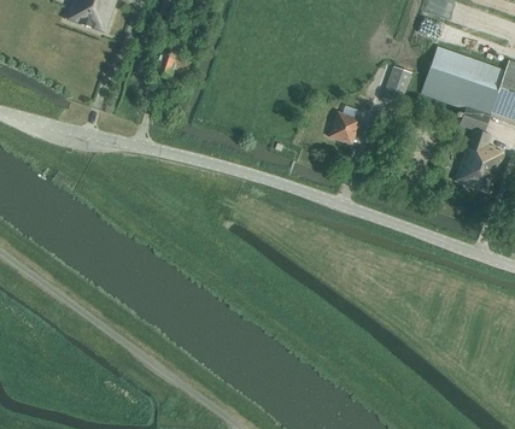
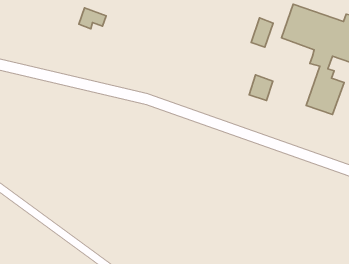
building: [329,110,361,143] -> [249,75,273,100]

